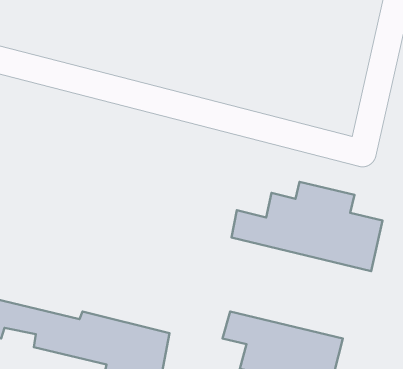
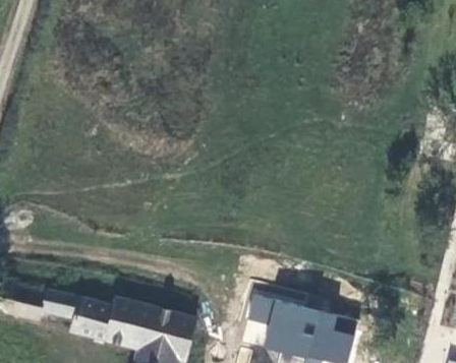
building: [231,182,383,271] -> none

